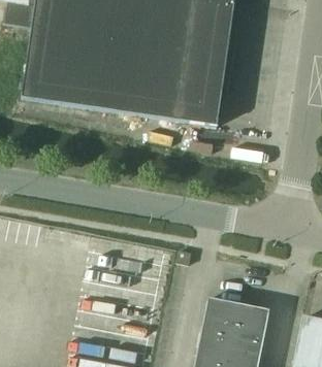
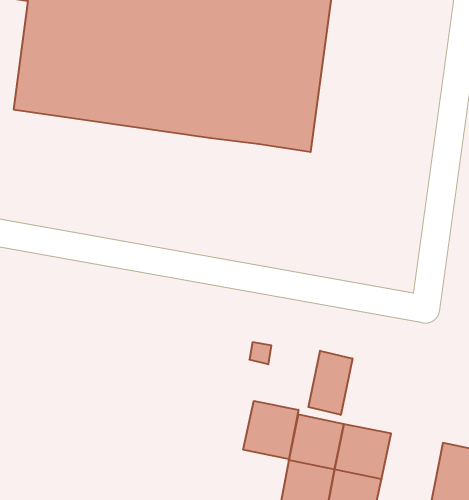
building: none -> [308,351,352,415]
building: none -> [243,401,298,459]

